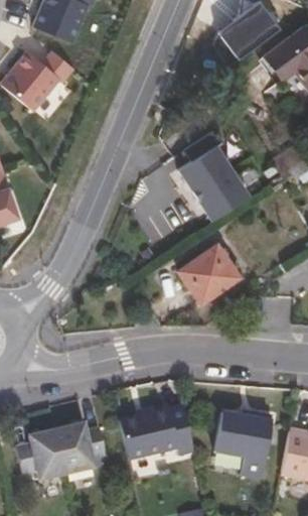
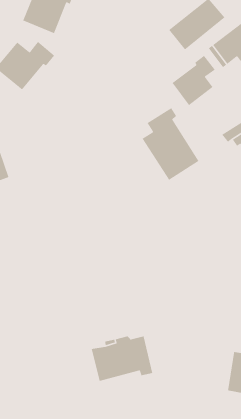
building: none -> [172,55,216,106]
building: [178,244,240,303] -> none
building: [214,415,273,479] -> none
building: [12,423,103,480] -> none

